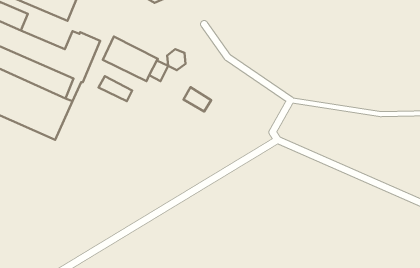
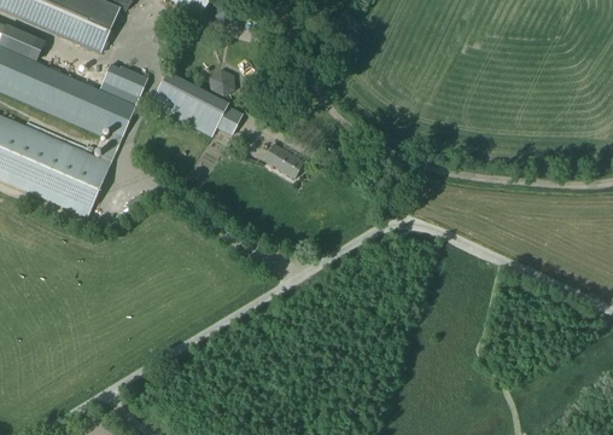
building: [167,49,185,70] -> [209,68,234,97]
building: [99,76,132,101] -> none

